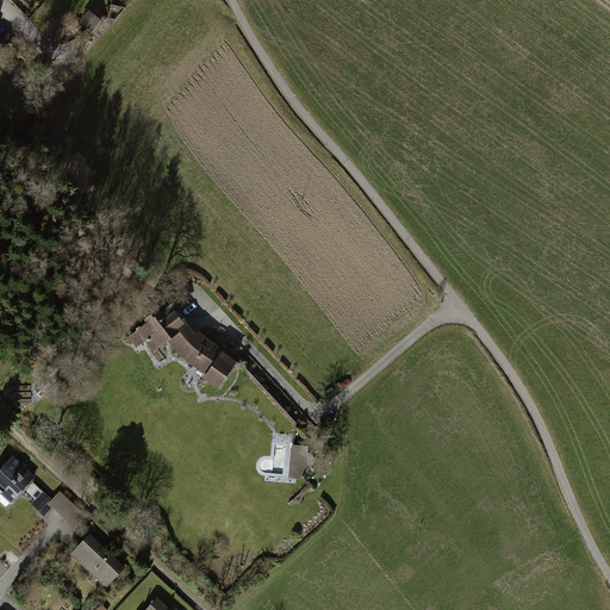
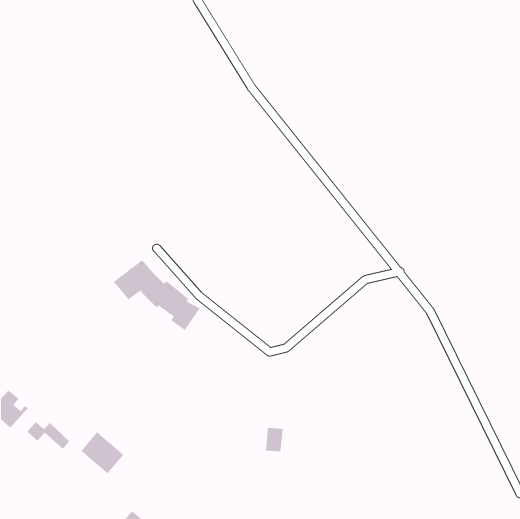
building: [288,447,310,475] -> [265,428,283,452]
building: [69,536,120,586] -> [81,431,124,474]

